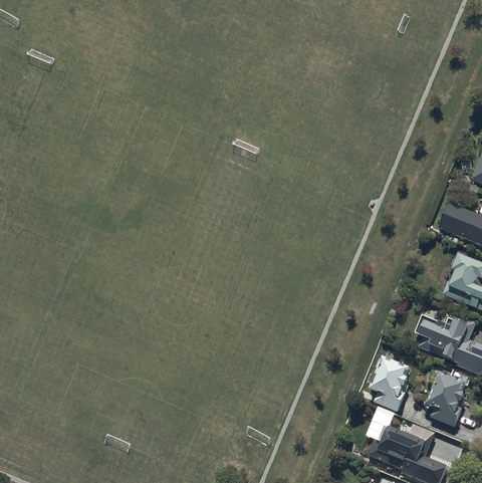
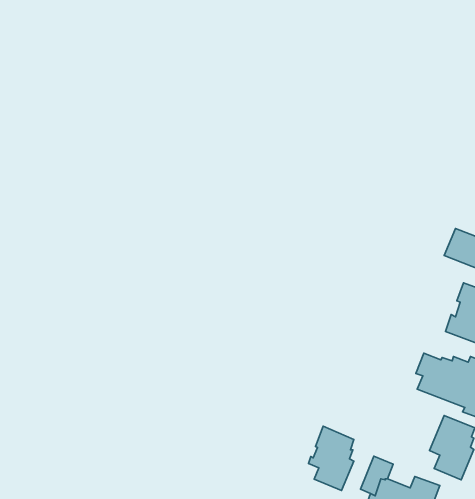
building: [369,354,409,412] -> [309,426,354,491]

